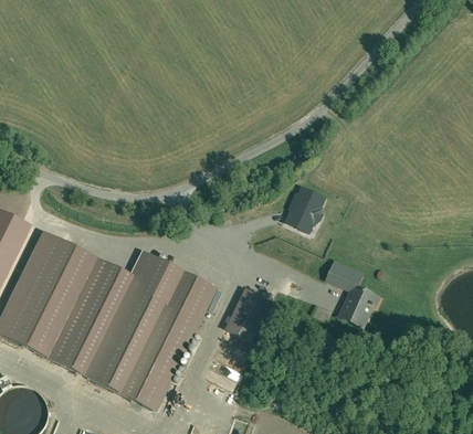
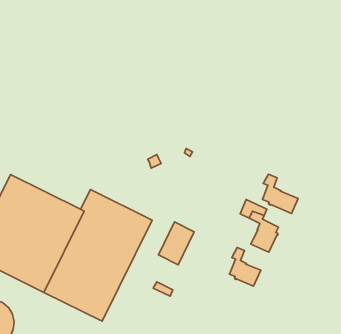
building: [284,184,325,233] -> none
building: none -> [262,174,298,214]
building: none -> [229,247,261,286]

